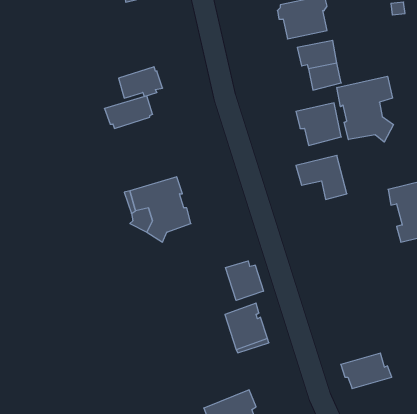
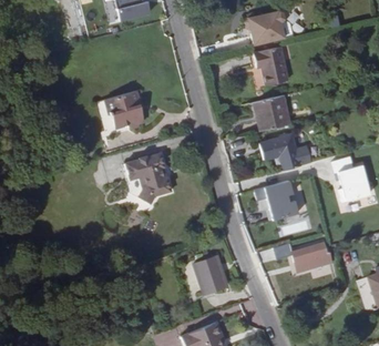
building: [119,67,163,98] -> [112,106,146,131]
building: [337,76,393,142] -> none
building: none -> [258,182,295,221]
building: [226,261,263,300] -> none
building: [341,353,392,389] -> [293,243,332,271]

